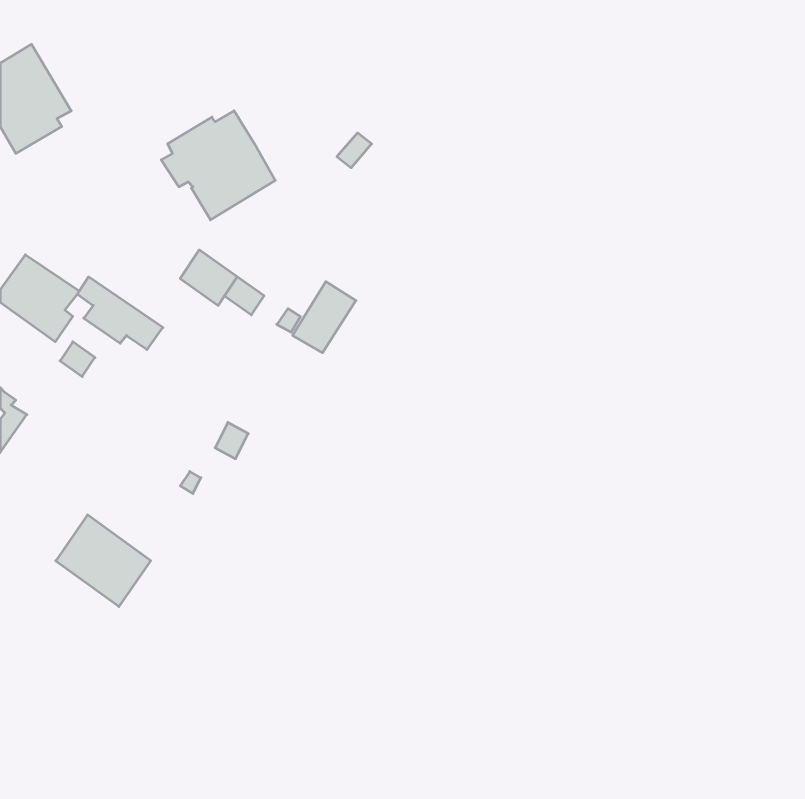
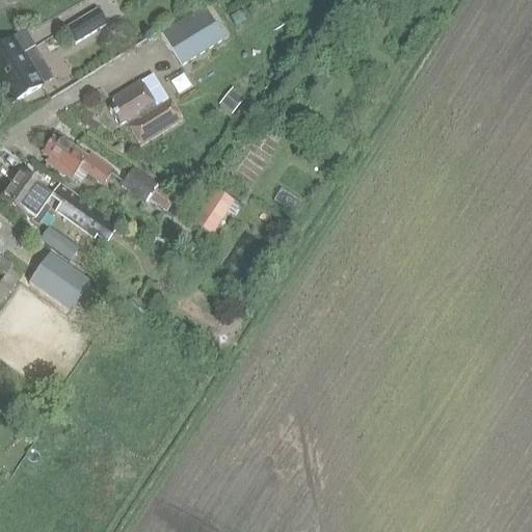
building: none -> [65,5,107,41]
building: none -> [162,5,224,63]
building: none -> [42,135,112,184]
building: [56,515,151,607] -> [30,250,92,311]

